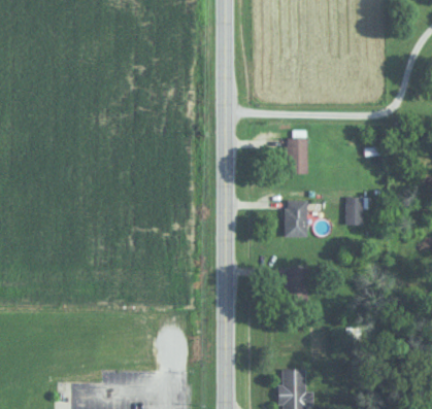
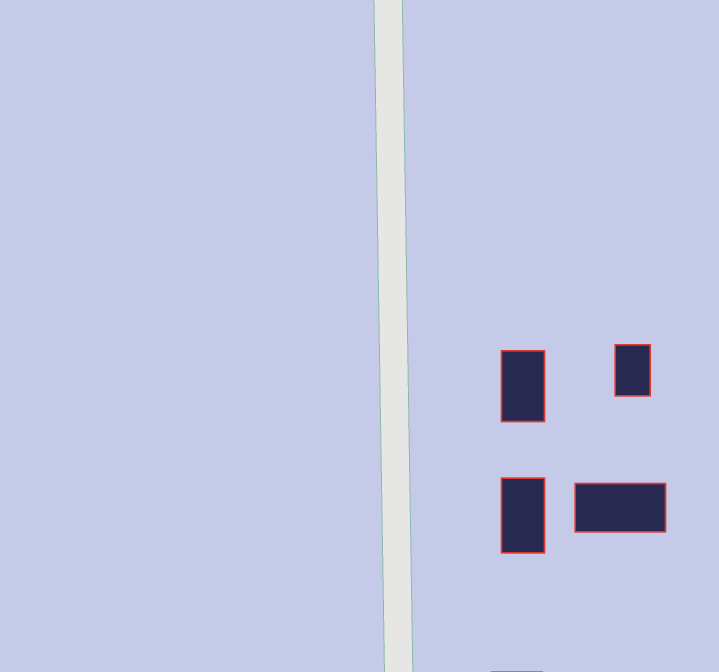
building: [286,138,308,173] -> none
building: none -> [575,483,666,532]

